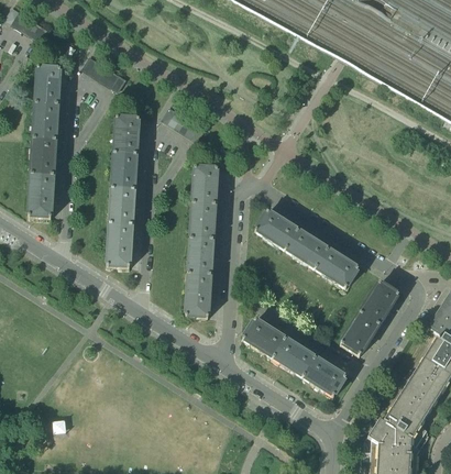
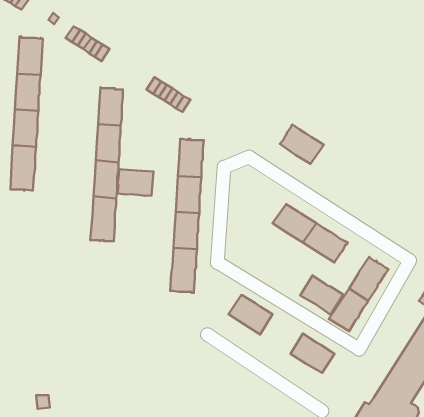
building: none -> [118,169,153,196]
building: [255,209,298,247] -> [280,125,324,164]
building: [273,337,315,375] -> [300,275,343,315]

